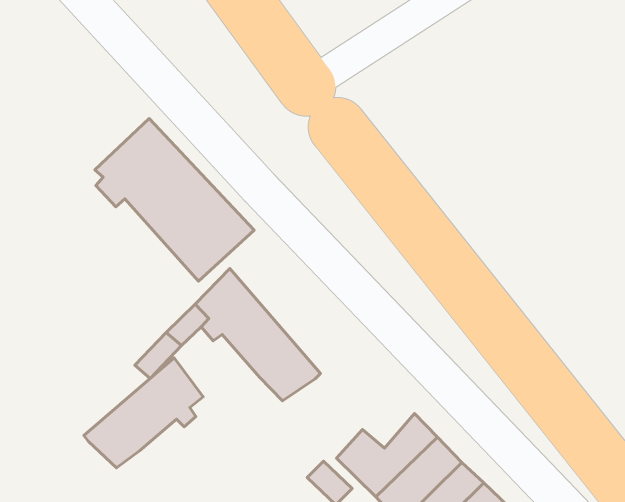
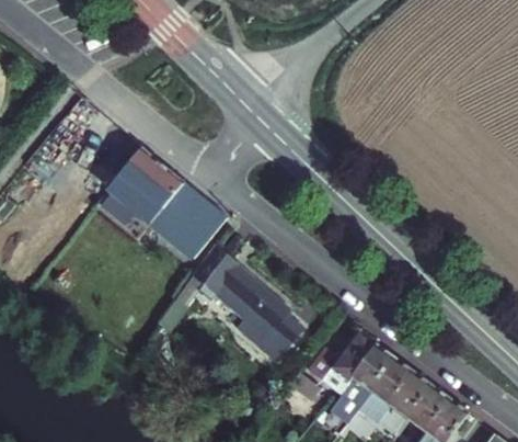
building: [84,358,203,468] -> none
building: none -> [239,316,302,361]

